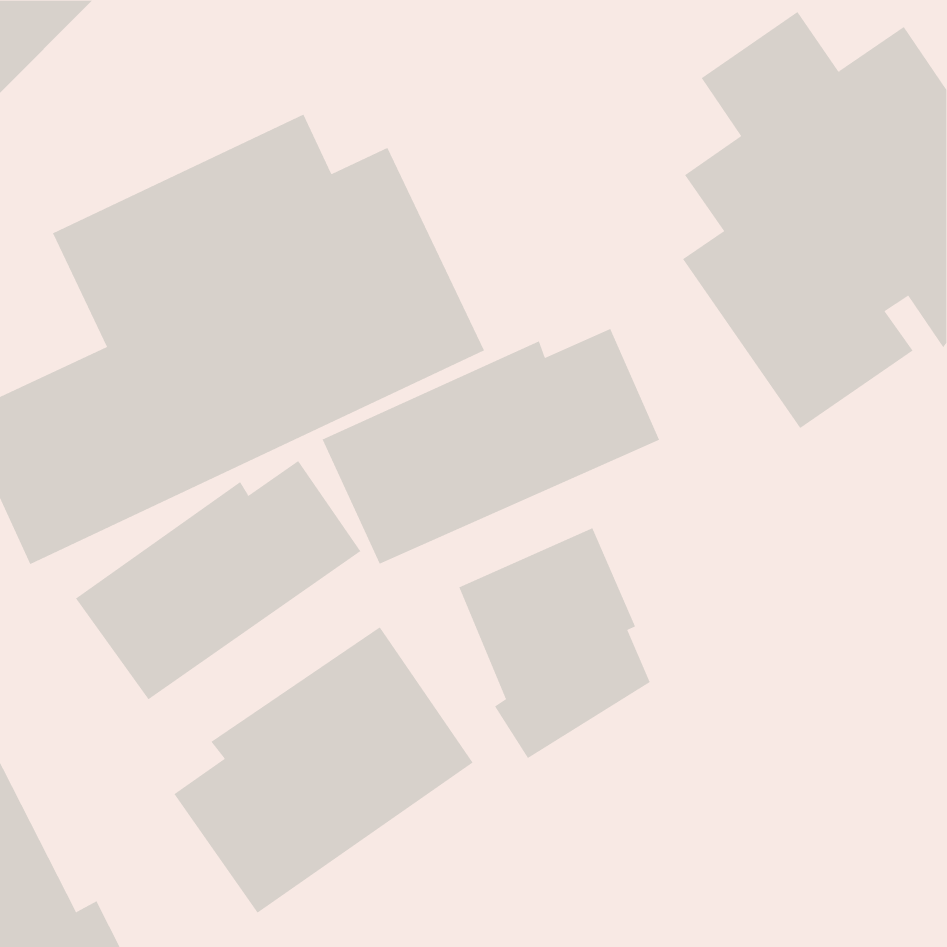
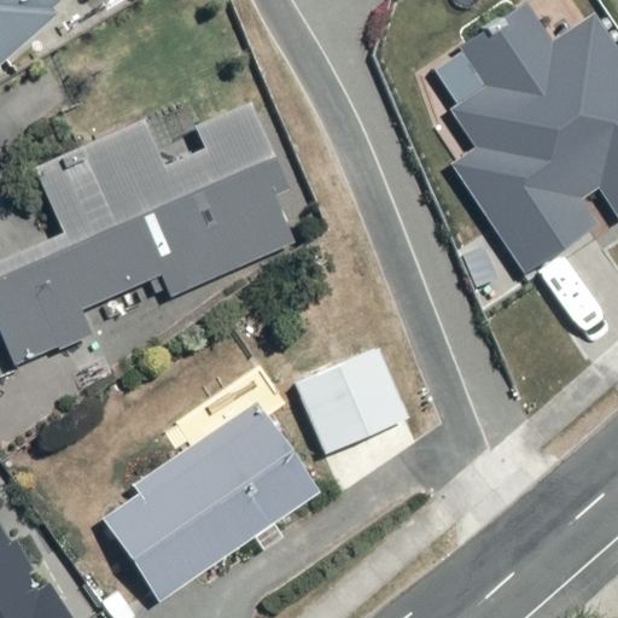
building: [322,328,660,565] -> none
building: [75,460,361,700] -> none

